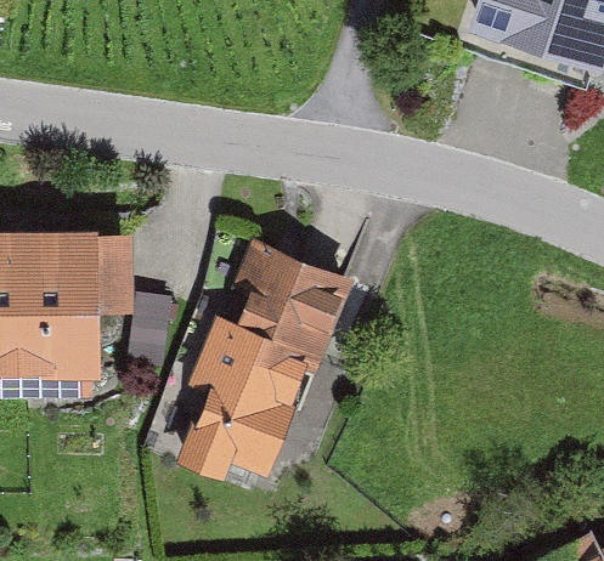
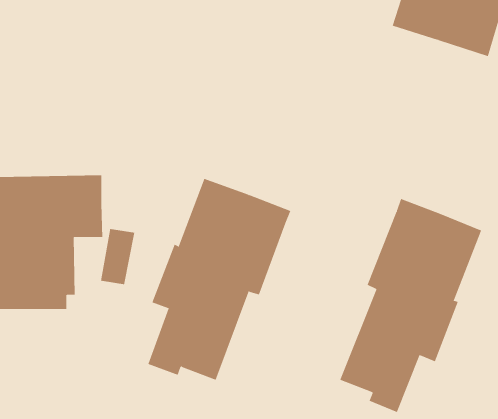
building: none -> [340,198,482,413]

